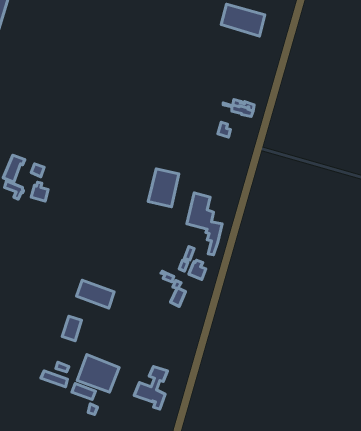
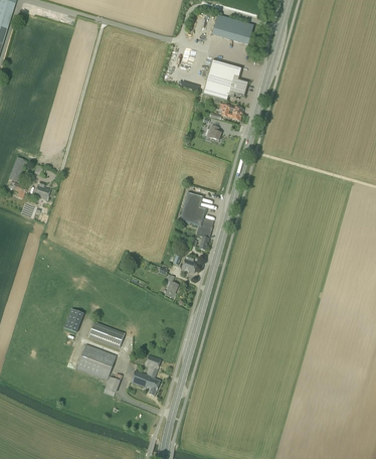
building: none -> [203,59,248,101]
building: [148,169,179,207] -> none
building: [77,280,114,308] -> [89,321,125,347]

